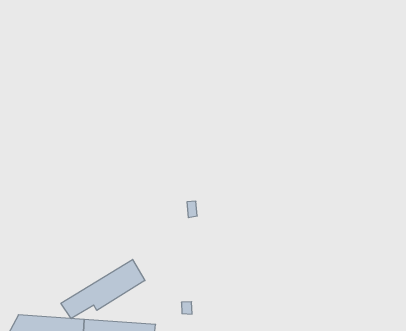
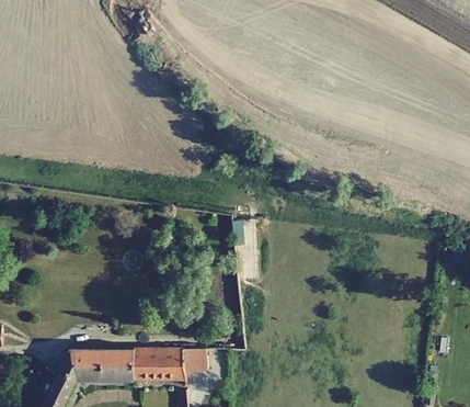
building: [61,259,145,319] -> none

